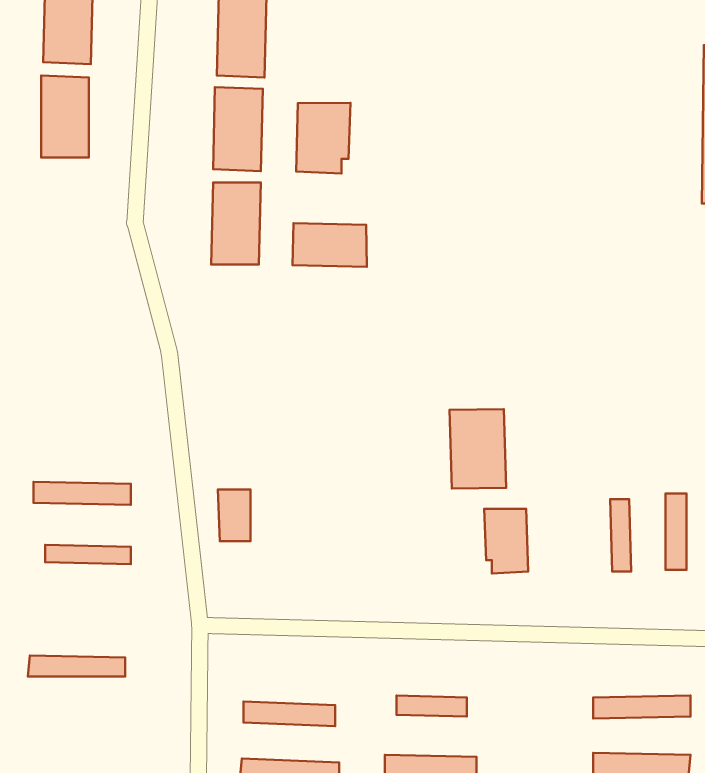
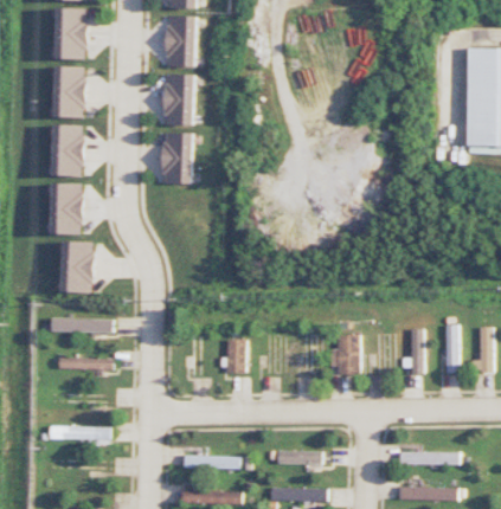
building: [296,103,350,174] -> none
building: none -> [52,124,83,176]
building: [293,223,367,267] -> none
building: none -> [52,183,82,234]
building: none -> [62,241,92,294]
building: [449,409,506,489] -> none
building: [218,490,250,541] -> [221,340,242,372]

